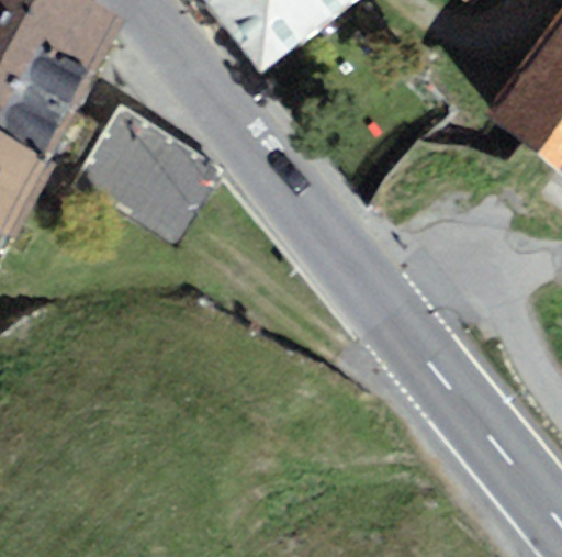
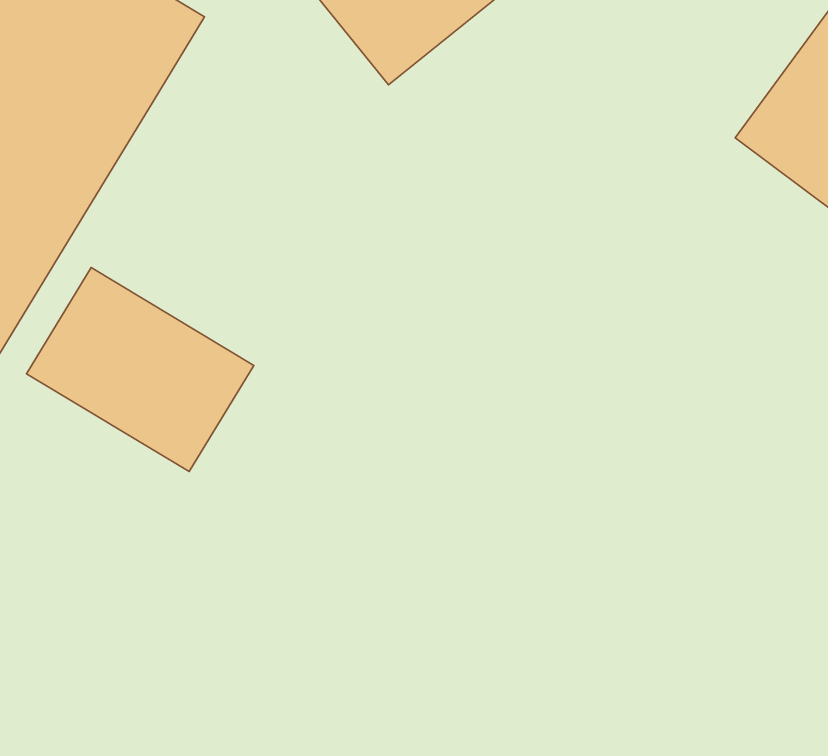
building: [59,90,210,225] -> [27,268,254,471]

